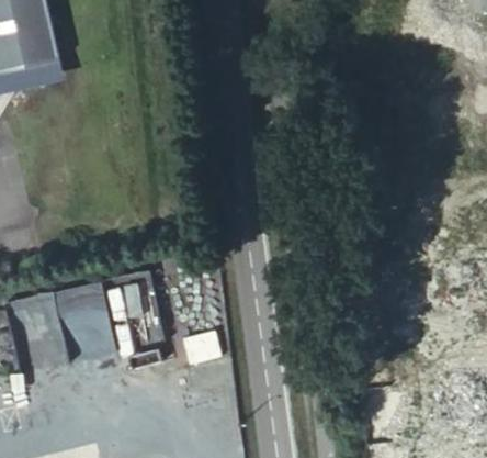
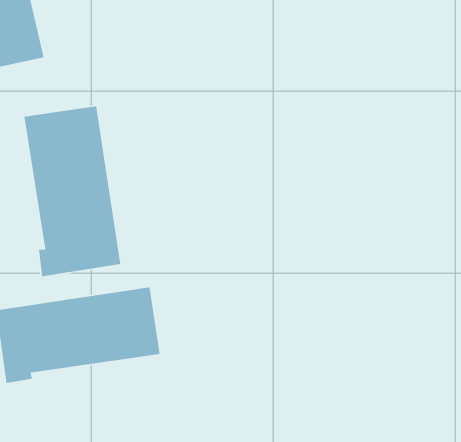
building: none -> [24,105,121,277]

